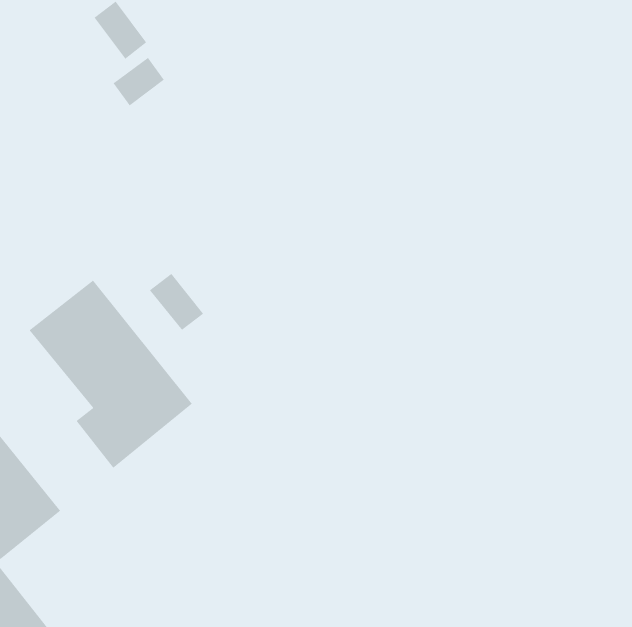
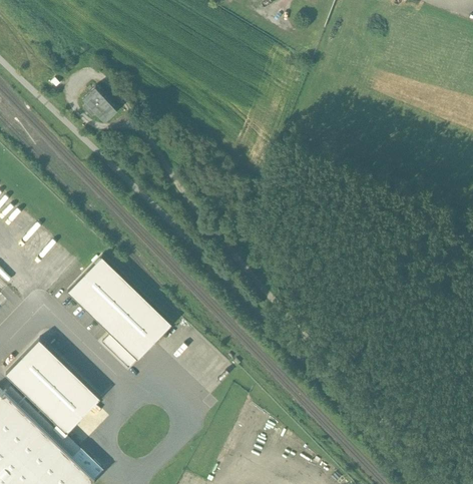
building: [113,57,165,107] -> none
building: [149,273,204,331] -> none

